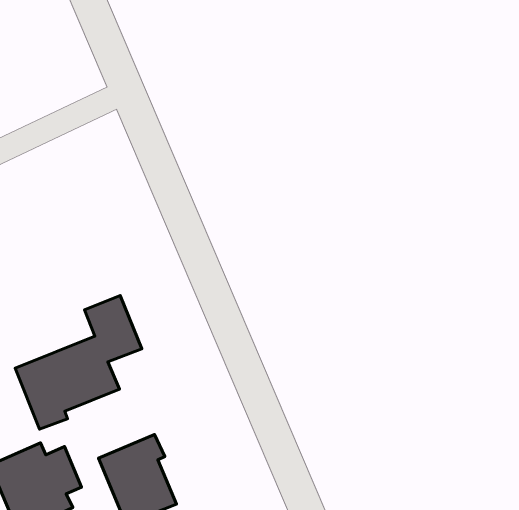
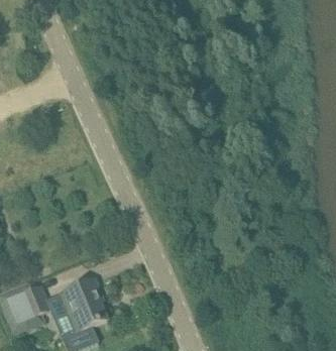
building: [15,295,142,429] -> none

